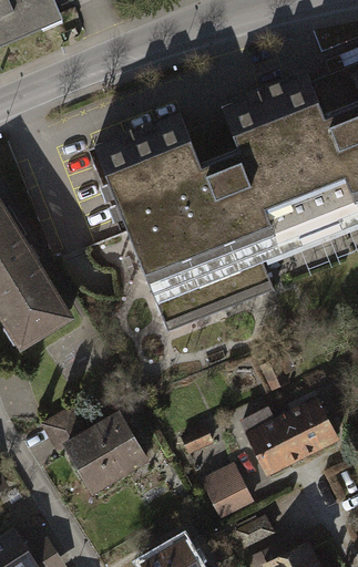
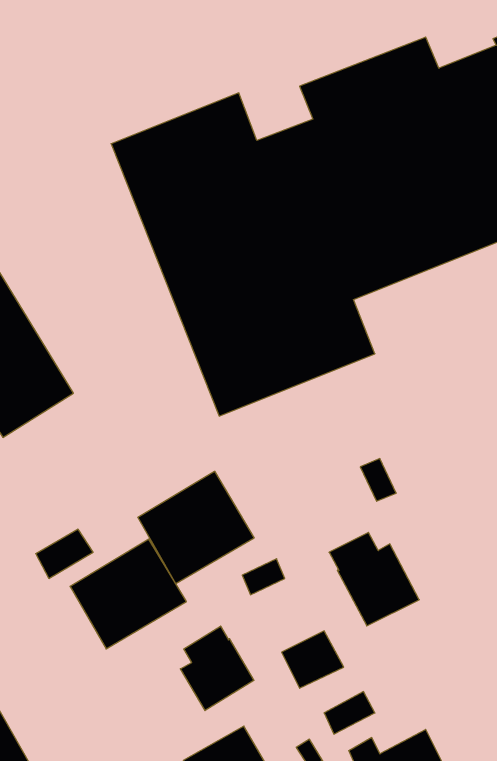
building: none -> [138,471,254,584]
building: [283,399,337,454] -> none
building: none -> [180,626,254,711]

